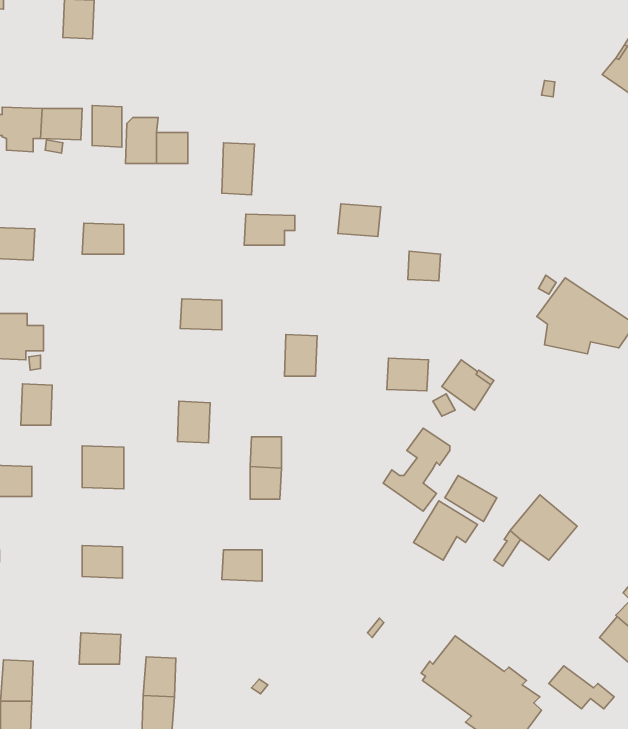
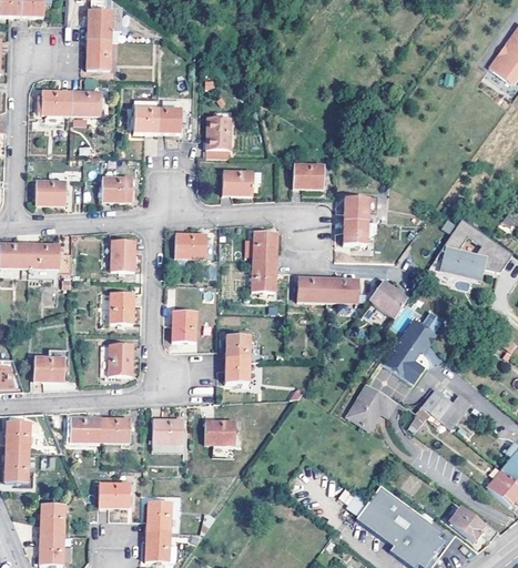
building: [92,105,122,147] -> [87,38,109,69]
building: none -> [343,219,367,243]
building: none -> [253,230,277,261]
building: none -> [111,240,134,270]
building: none -> [298,276,329,301]
building: [21,384,52,425] -> [110,291,133,322]
building: [383,428,450,511] -> [384,320,434,382]
building: none -> [71,417,101,440]
building: none -> [152,418,186,452]

